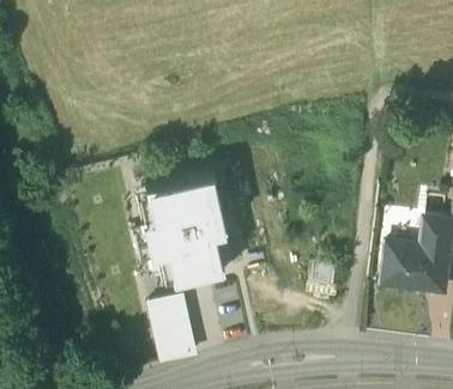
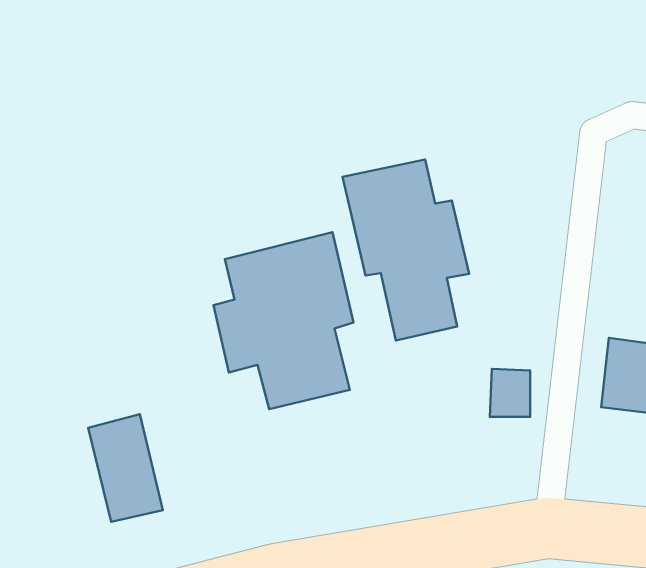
building: none -> [343,160,469,341]
building: [147,294,194,361] -> [88,414,163,522]

